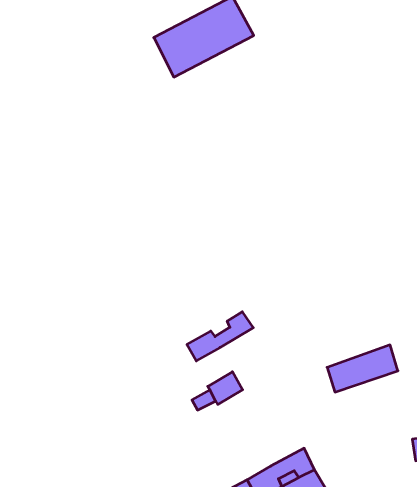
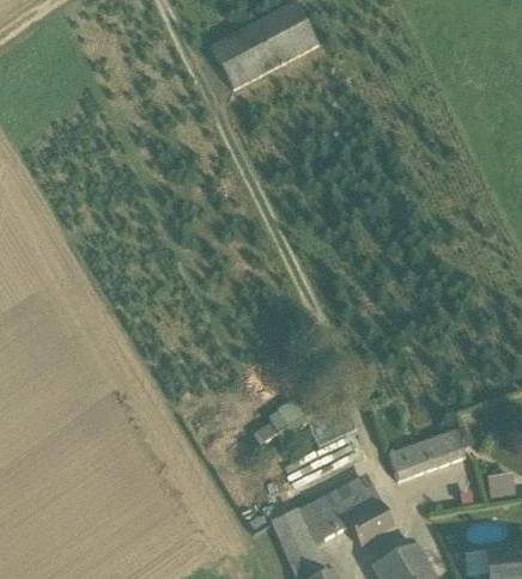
building: [187,312,253,361] -> none
building: [327,345,398,392] -> [389,428,465,479]

